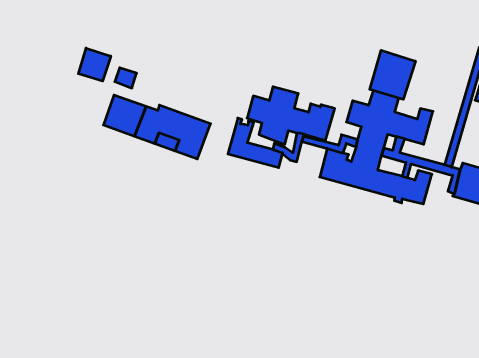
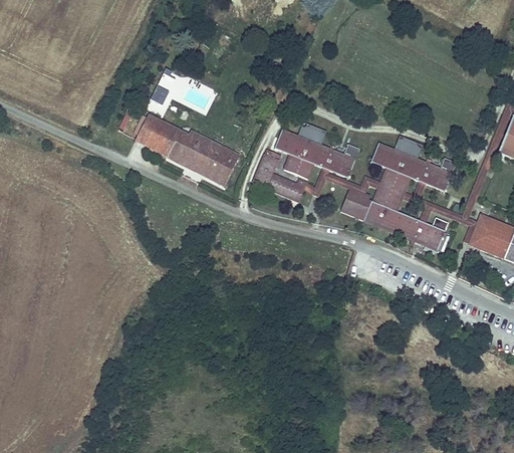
building: [78,48,111,81] -> none
building: [370,50,415,99] -> none

